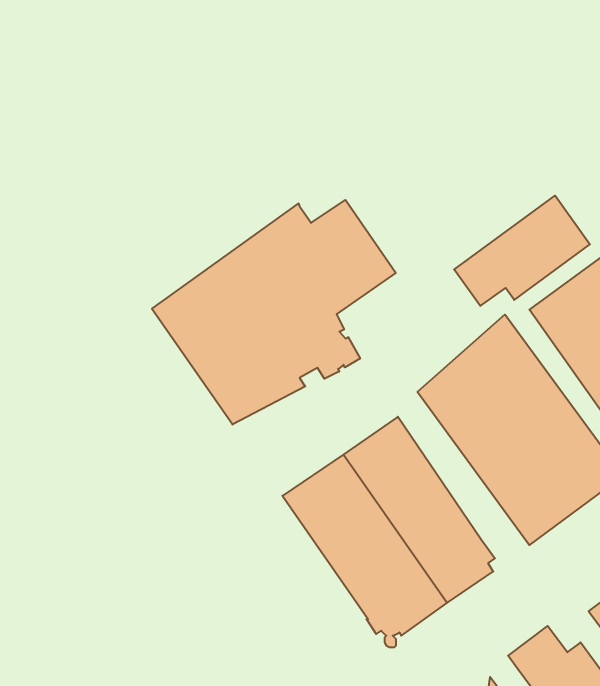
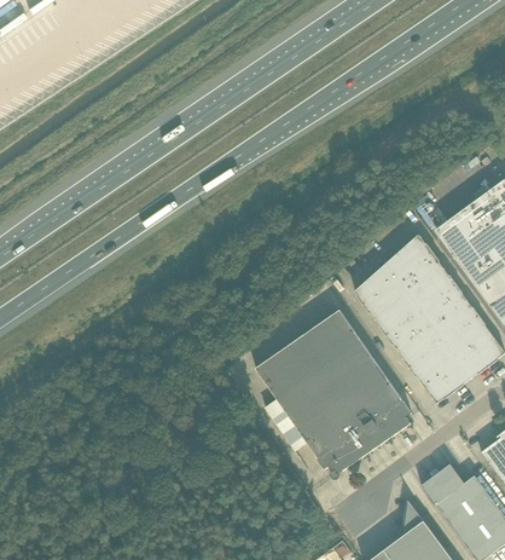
building: [454,196,590,306] -> none
building: [152,200,396,425] -> none

